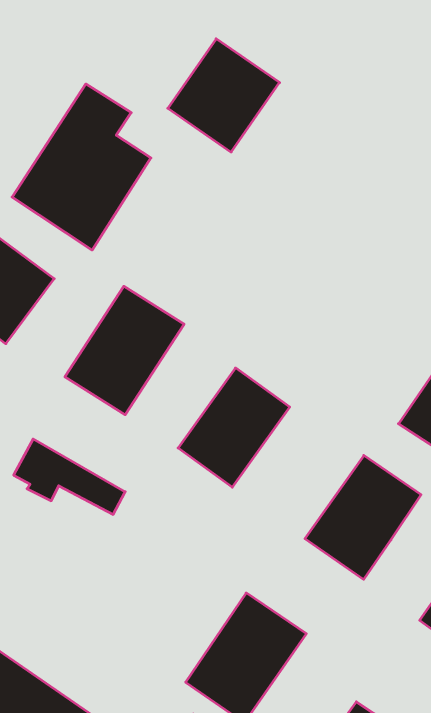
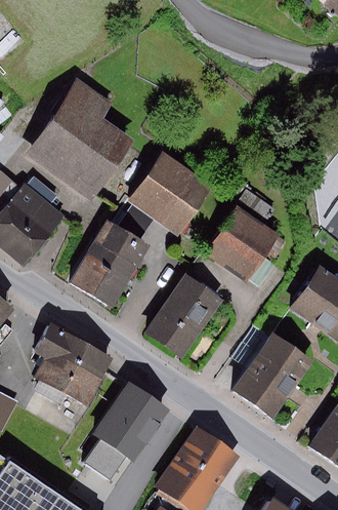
building: [168,39,280,152] -> [135,154,211,231]
building: none -> [210,208,279,278]
building: none -> [36,355,102,403]
building: none -> [82,383,168,481]

